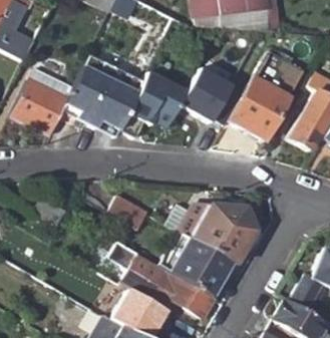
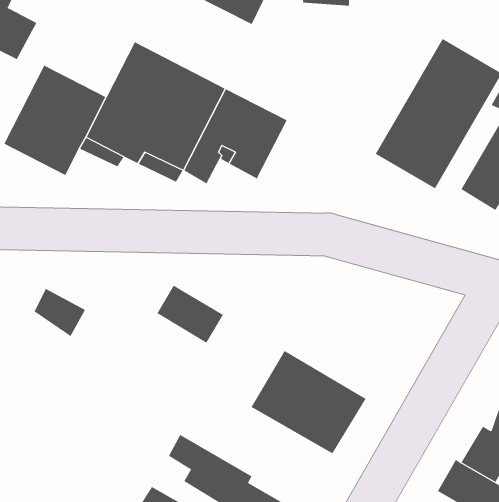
building: [187,60,256,124] -> none
building: [164,196,256,264] -> none
building: [107,240,215,317] -> none

